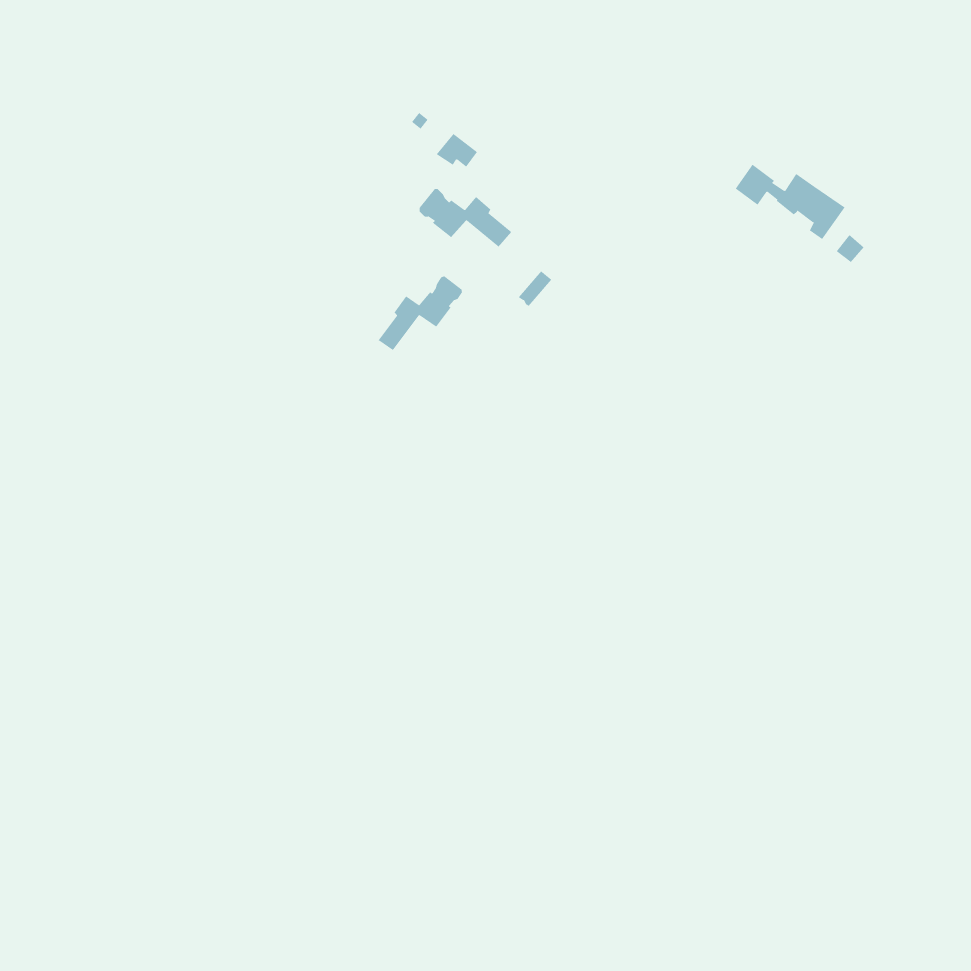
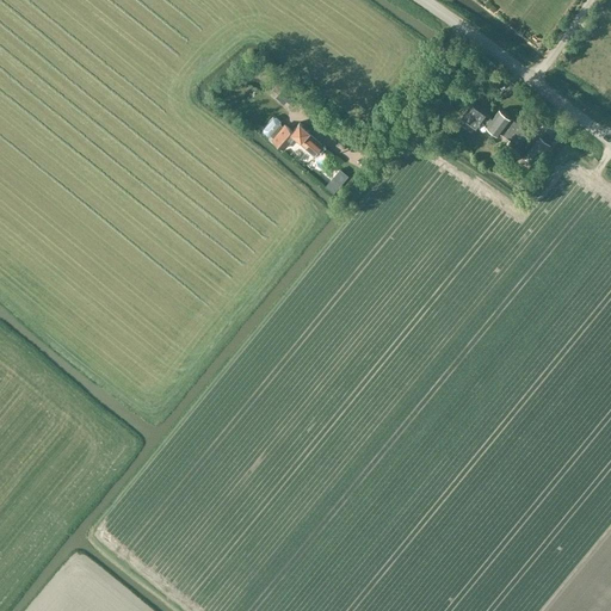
building: [378,276,462,351] -> none

